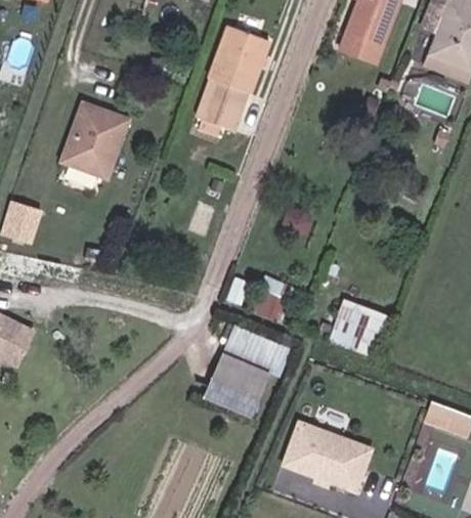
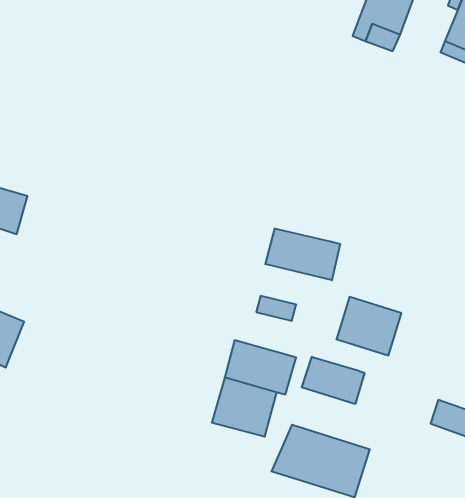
building: [198,27,268,131] -> none
building: [59,102,127,178] -> none
building: none -> [265,228,340,280]
building: none -> [302,357,364,404]

